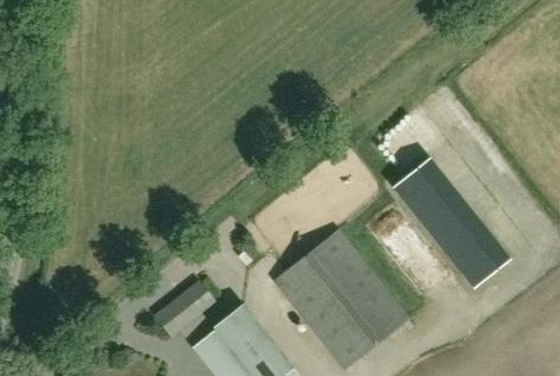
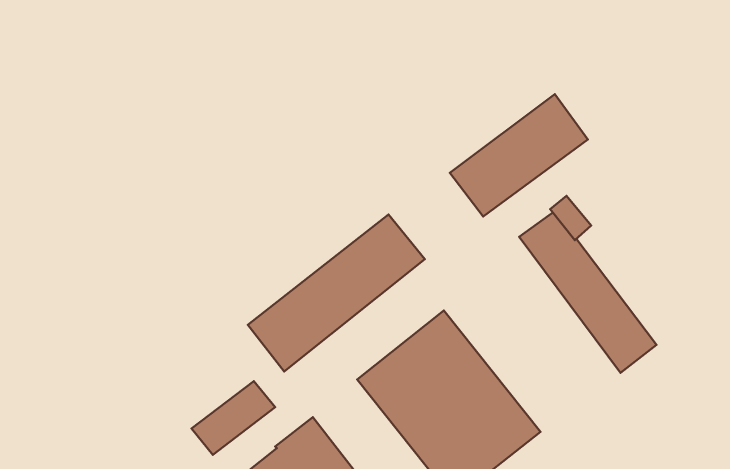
building: none -> [450,94,588,217]
building: none -> [248,214,425,372]

